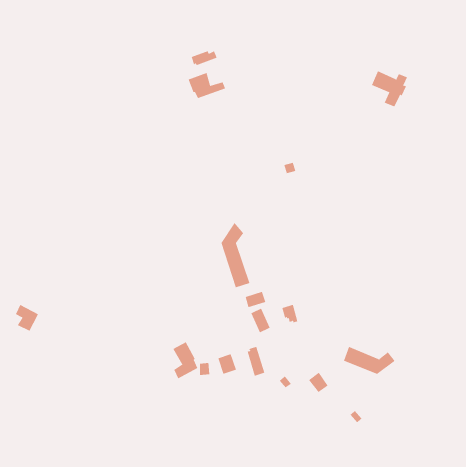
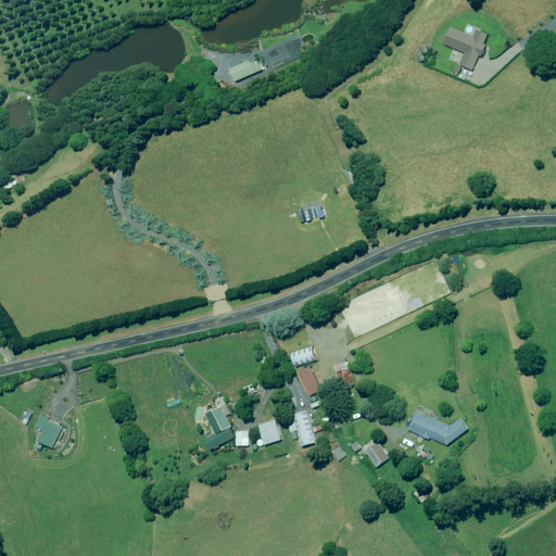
building: [371,71,408,107] -> [444,25,488,68]
building: [188,72,226,99] -> none
building: [221,222,250,288] -> none
building: [15,304,39,332] -> [34,414,62,446]

